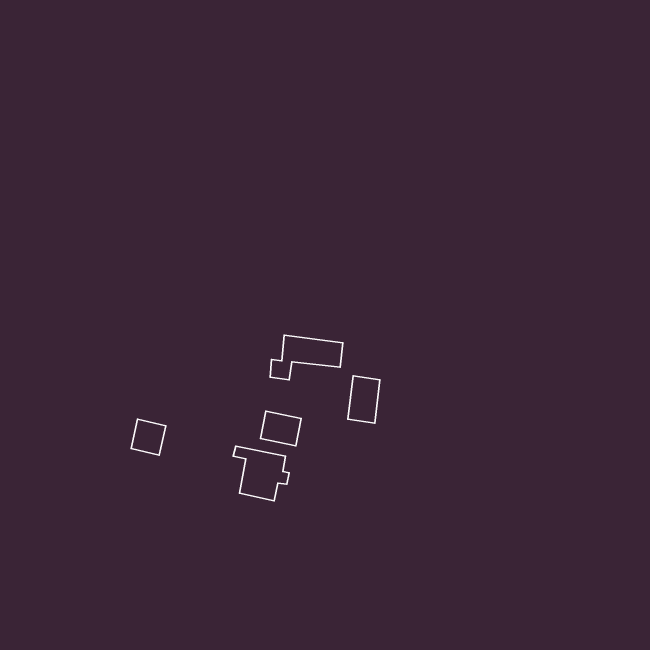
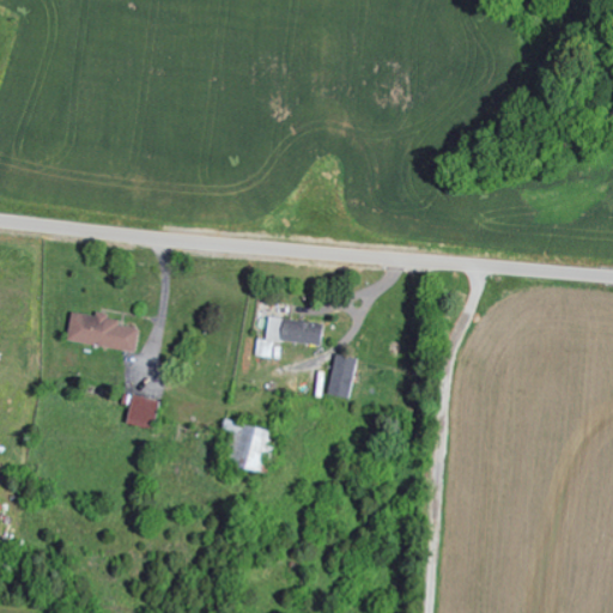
building: none -> [65,311,136,352]
building: [261,411,301,446] -> none

